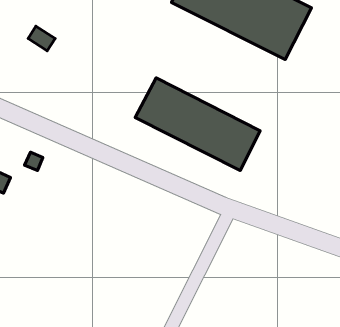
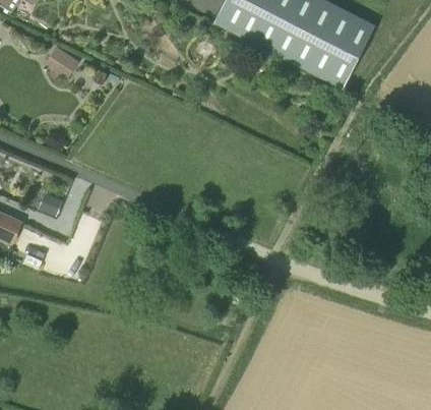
building: [135,78,260,170] -> none

